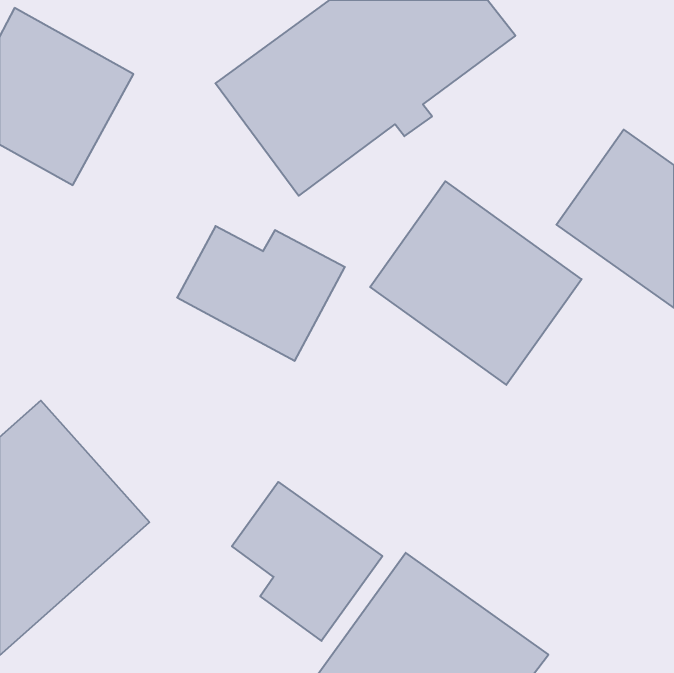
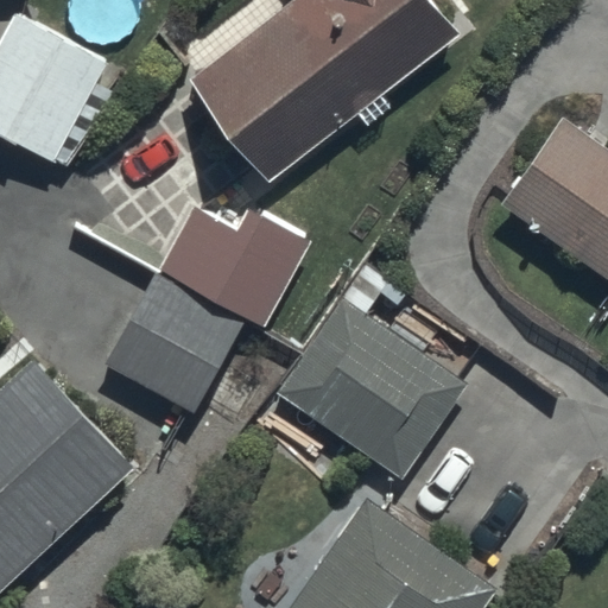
building: [370,181,582,385] -> [279,296,469,479]
building: none -> [107,277,240,411]
building: [232,482,382,641] -> none

